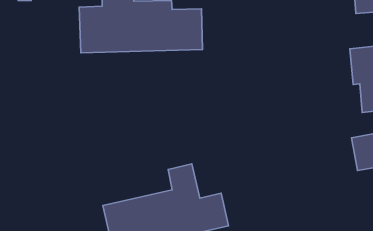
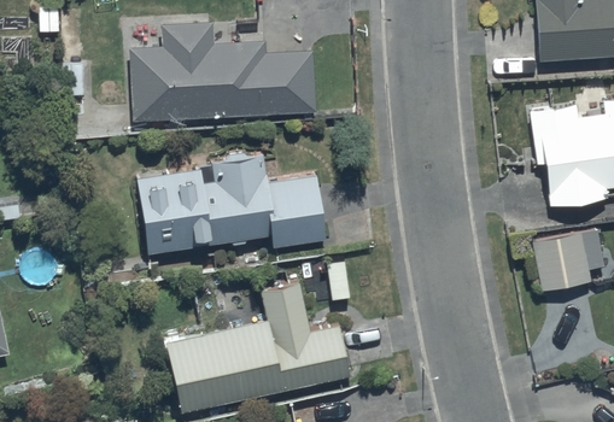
building: none -> [136,157,326,253]

